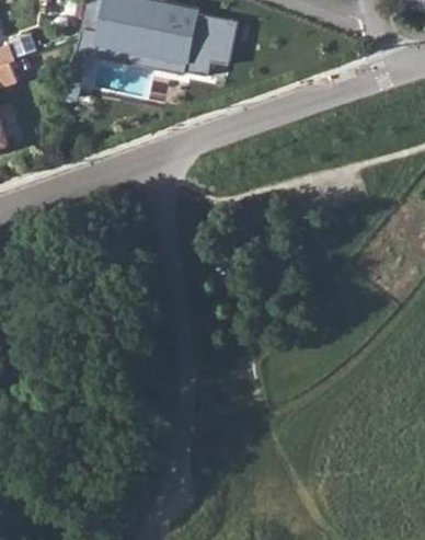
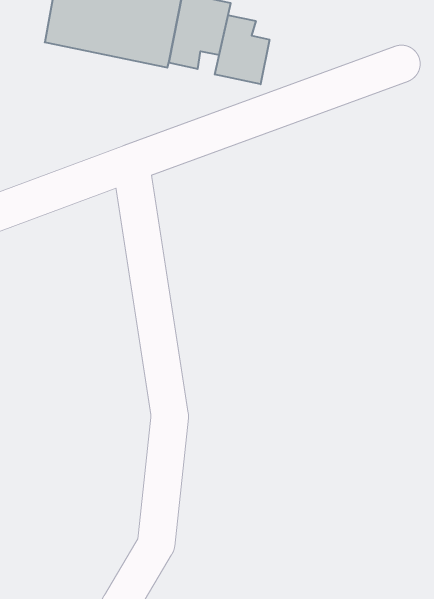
building: none -> [215,15,269,84]

